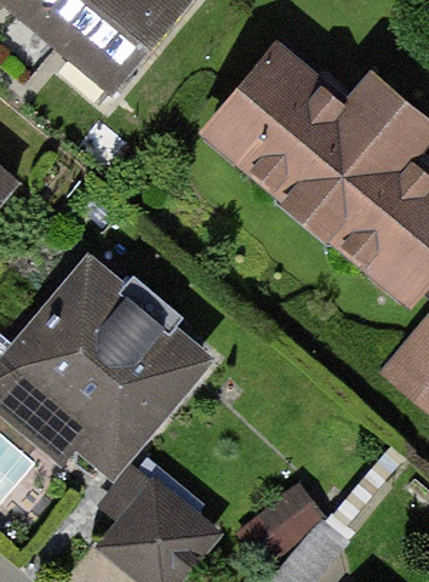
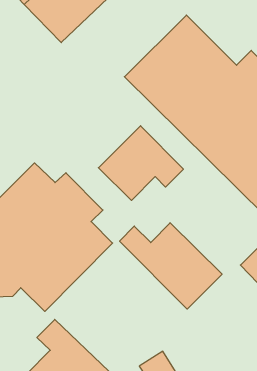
building: none -> [98,126,183,200]
building: none -> [120,223,222,309]

